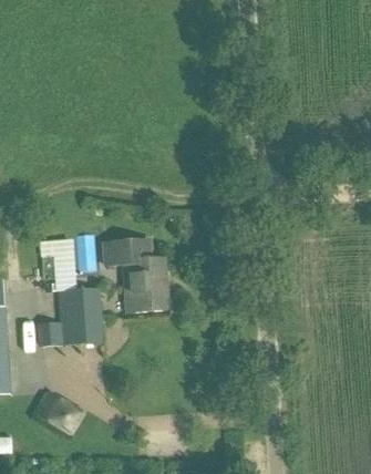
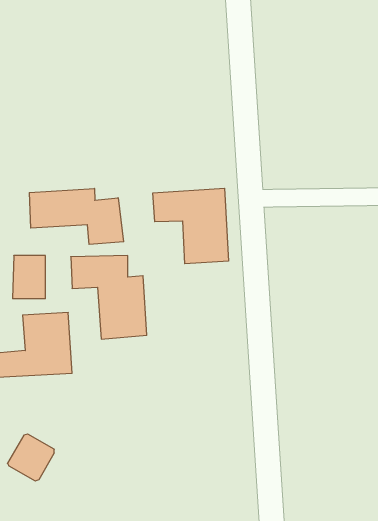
building: none -> [153,188,228,264]
building: none -> [29,188,124,244]

